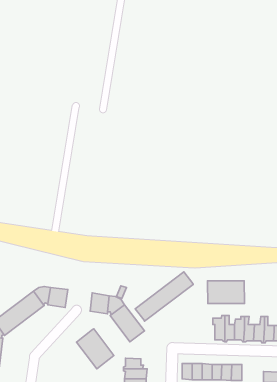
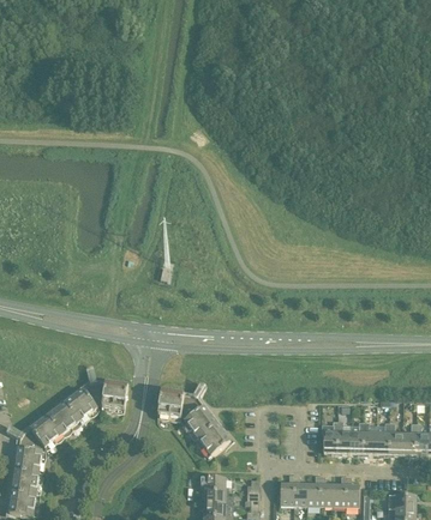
building: [135,272,193,321] -> none
building: [207,281,244,304] -> none
building: [77,329,114,369] -> none

